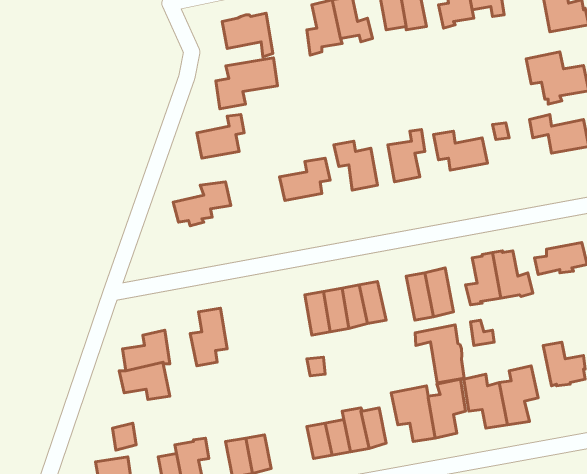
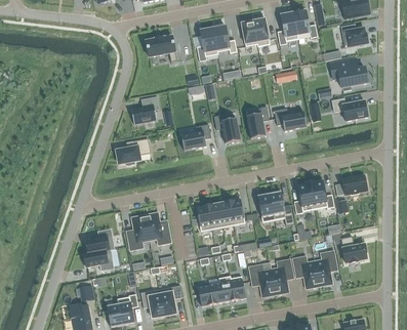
building: [216,58,278,109] -> none
building: none -> [145,211,171,244]
building: [415,325,464,383] -> none

